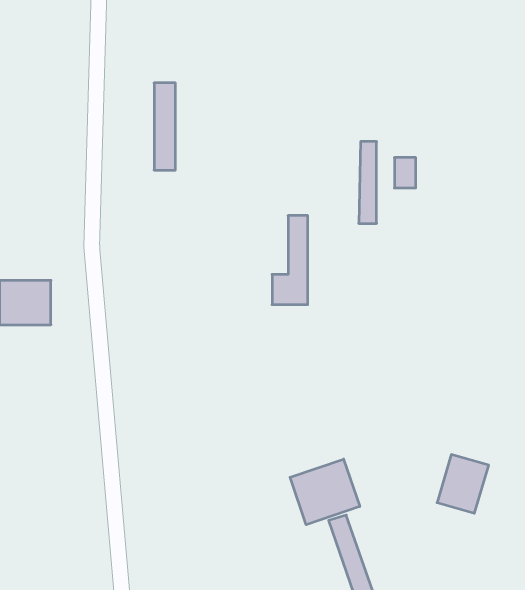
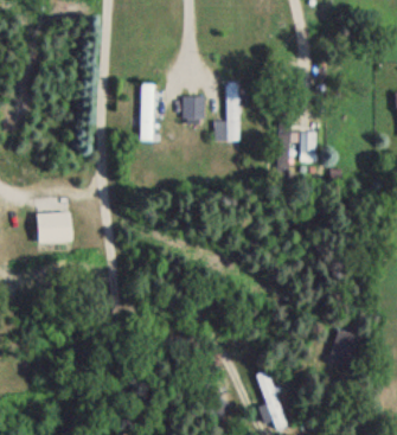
building: none -> [184,95,205,120]
building: [272,216,308,305] -> [216,81,239,140]
building: [290,459,360,525] -> none

